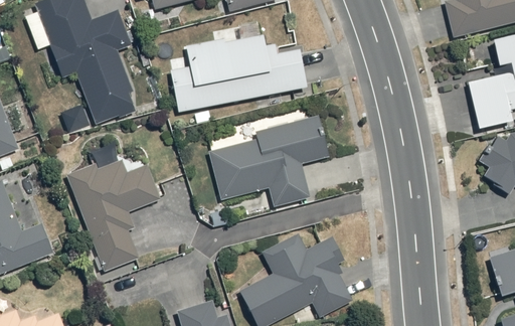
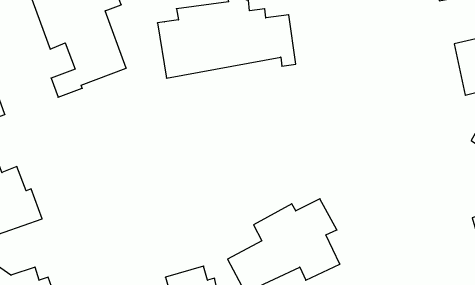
building: [204,110,328,207] -> none
building: [68,156,161,269] -> none

